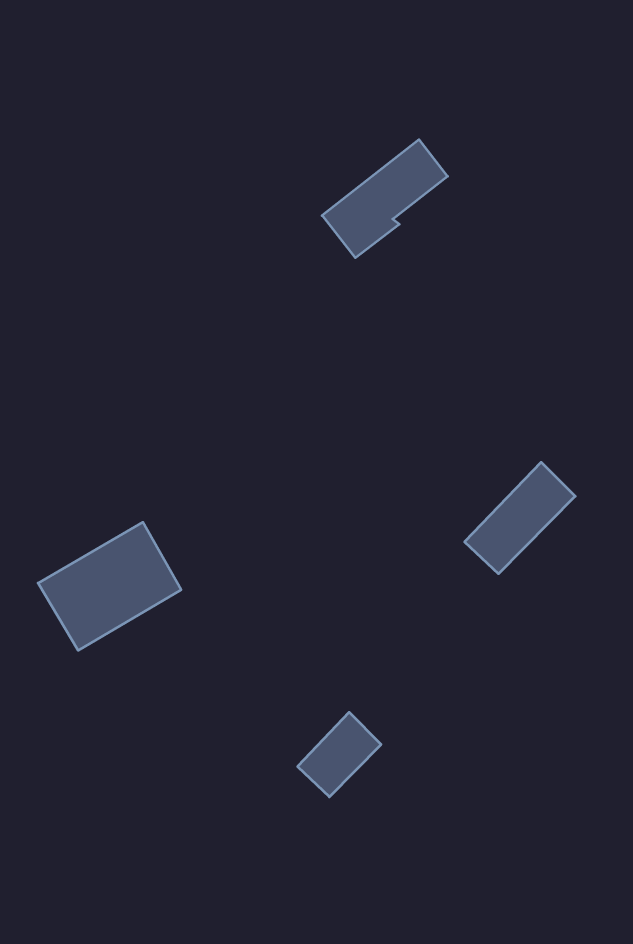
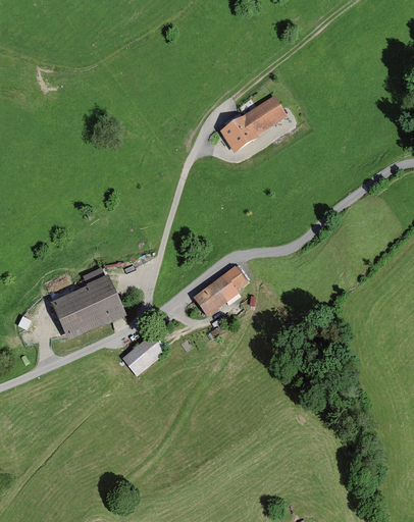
building: [465,462,575,574] -> [189,264,248,318]
building: [298,712,381,797] -> [122,334,166,376]

